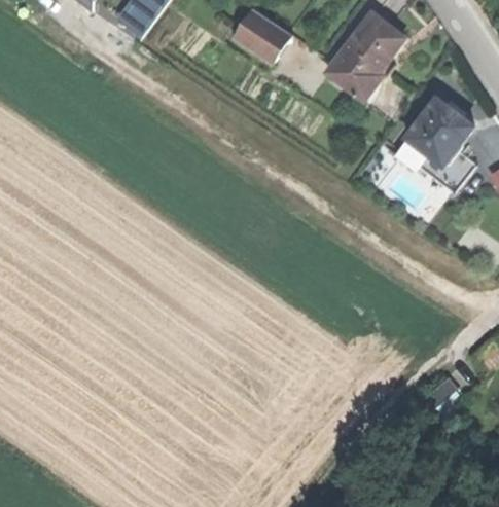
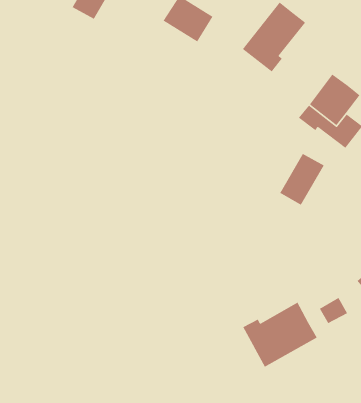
building: none -> [279,153,325,206]
building: none -> [242,302,318,368]

